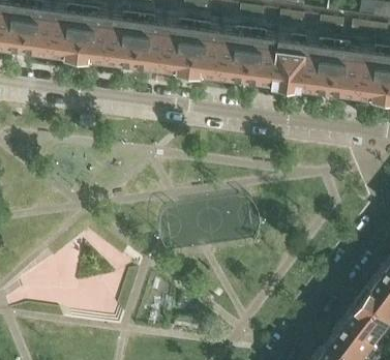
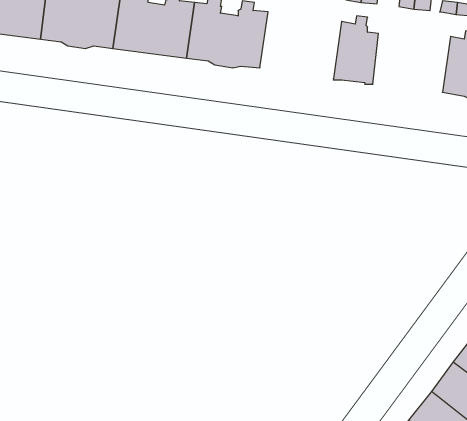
building: [214,31,276,86] -> none
building: [300,42,359,96] -> none

